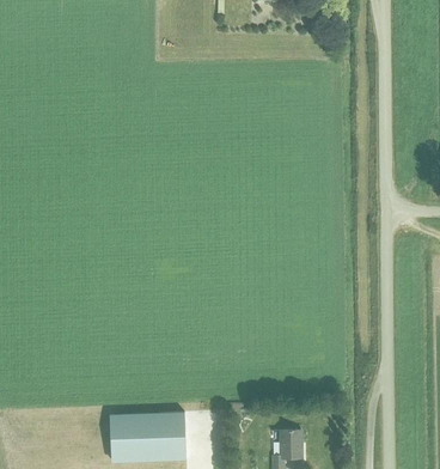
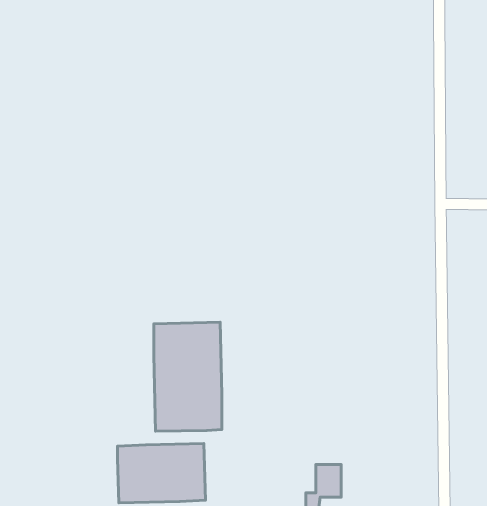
building: none -> [154,322,222,431]

